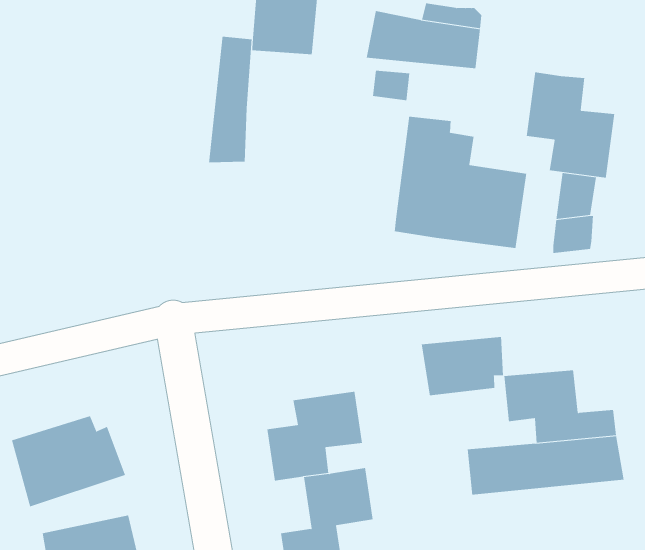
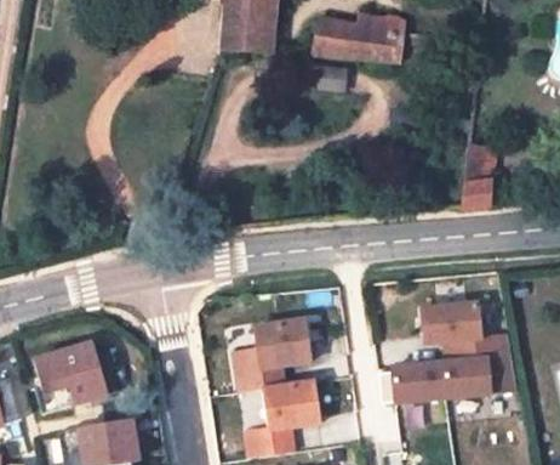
building: [209,36,252,163] -> none
building: [526,72,615,178] -> none
building: [394,116,527,249] -> none
building: [421,336,504,396] -> none

